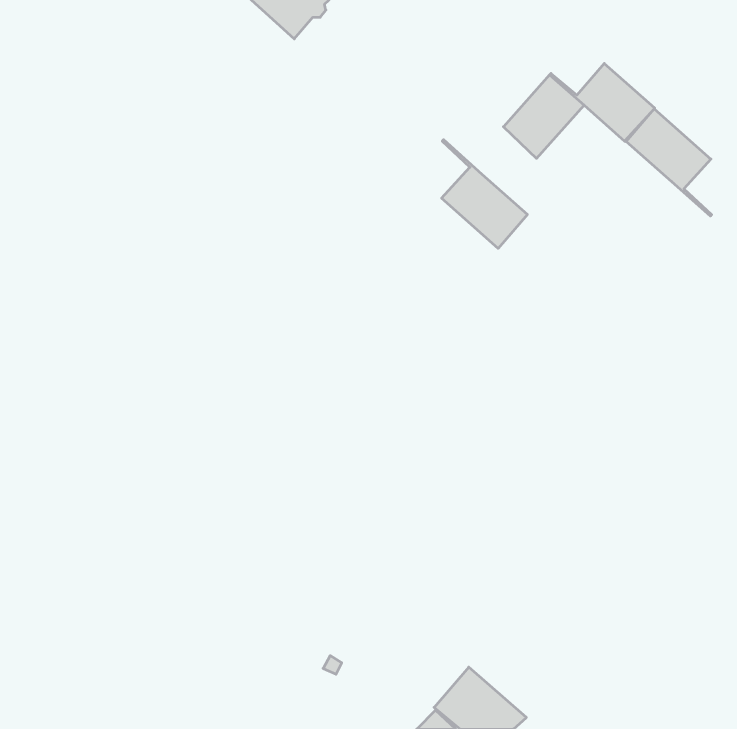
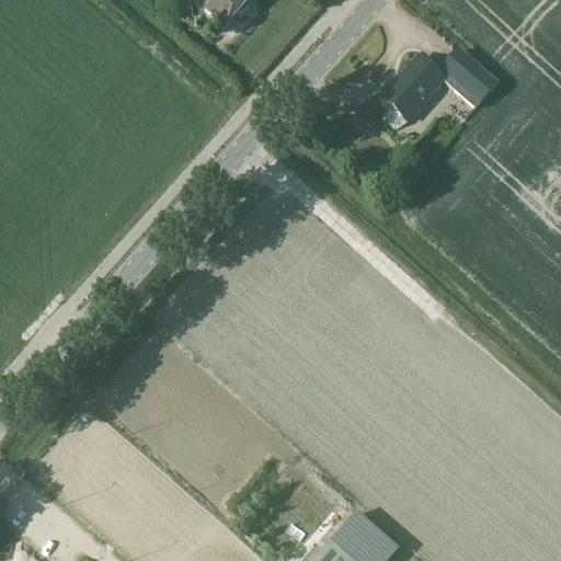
building: [626,109,712,216] -> none
building: [442,140,527,248] -> none

